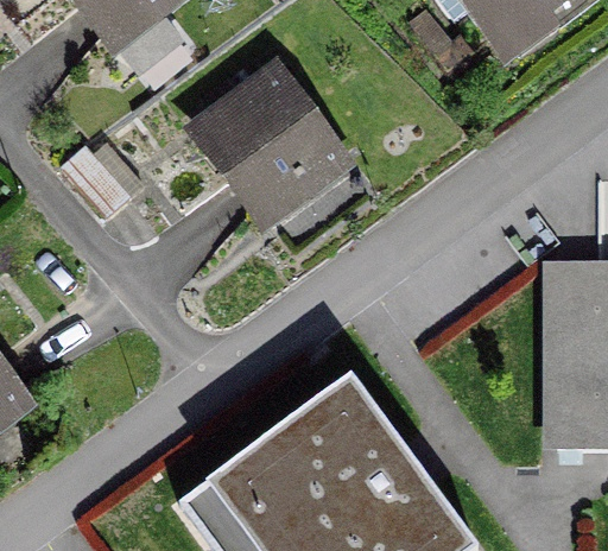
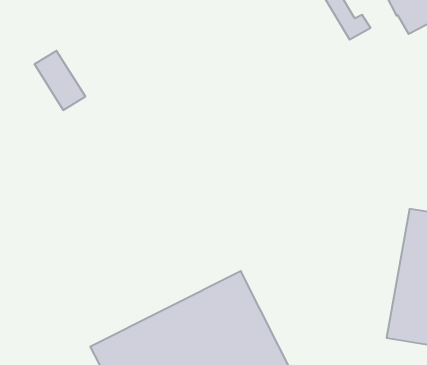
building: [200,82,332,215] -> none

